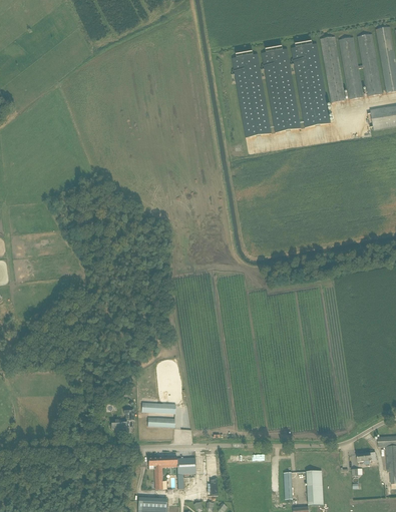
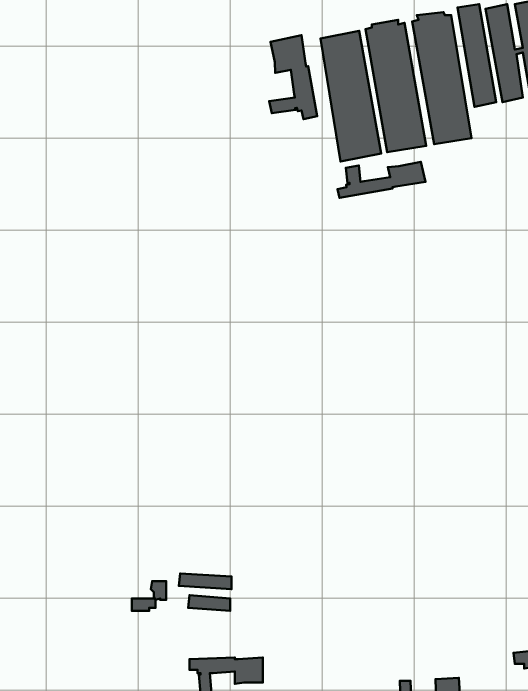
building: none -> [269,35,317,119]
building: none -> [337,162,425,198]

